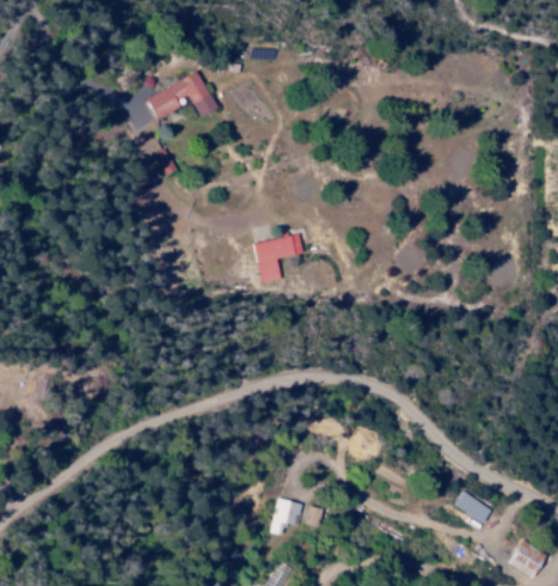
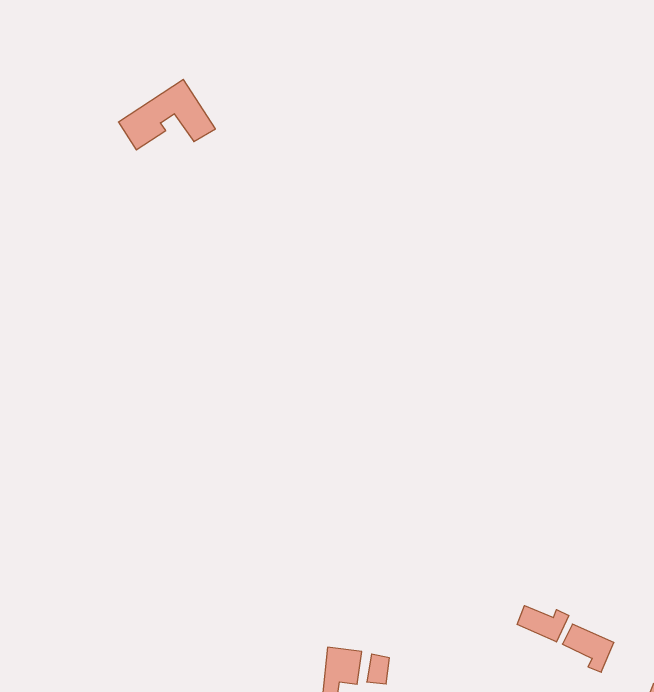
building: [253,233,303,283] -> none
building: none -> [517,606,569,642]

